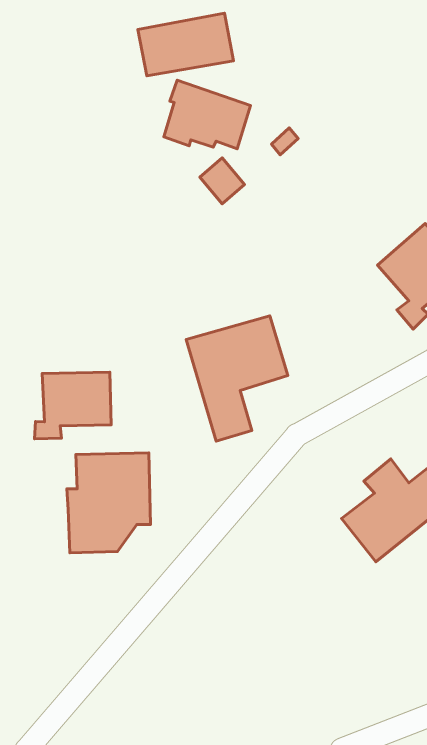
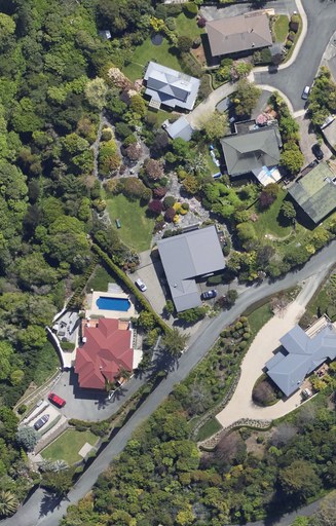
building: [138,13,233,76] -> [206,11,271,54]
building: none -> [221,116,279,187]
building: [34,372,111,439] -> none

